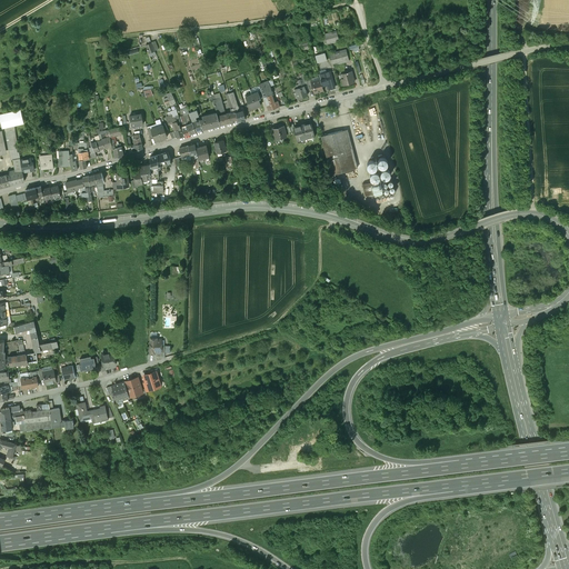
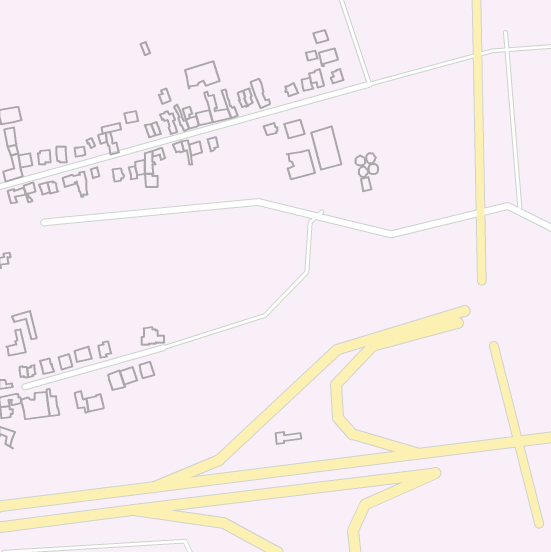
building: none -> [185,61,219,89]
building: none -> [287,150,315,179]

